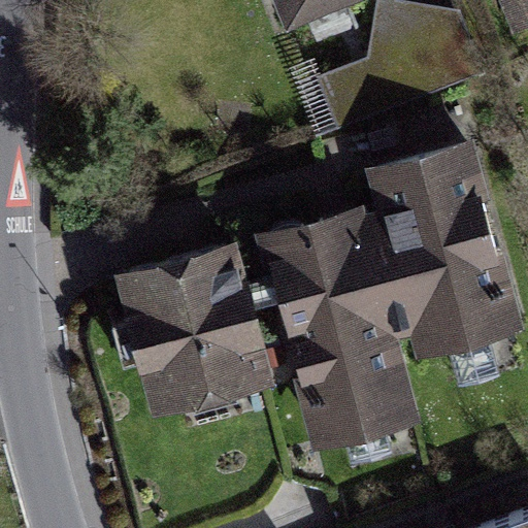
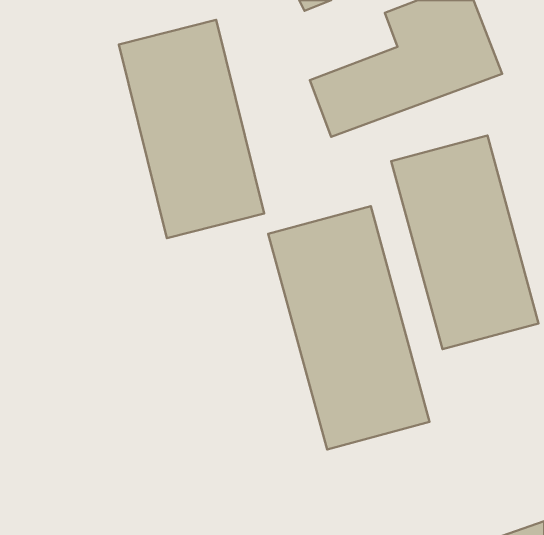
building: none -> [119,20,264,238]
building: [124,245,264,405] -> none

